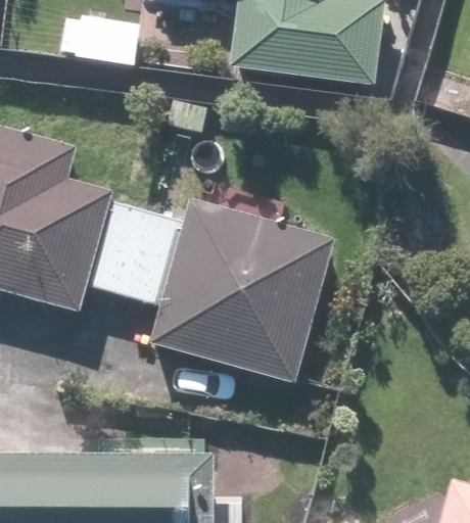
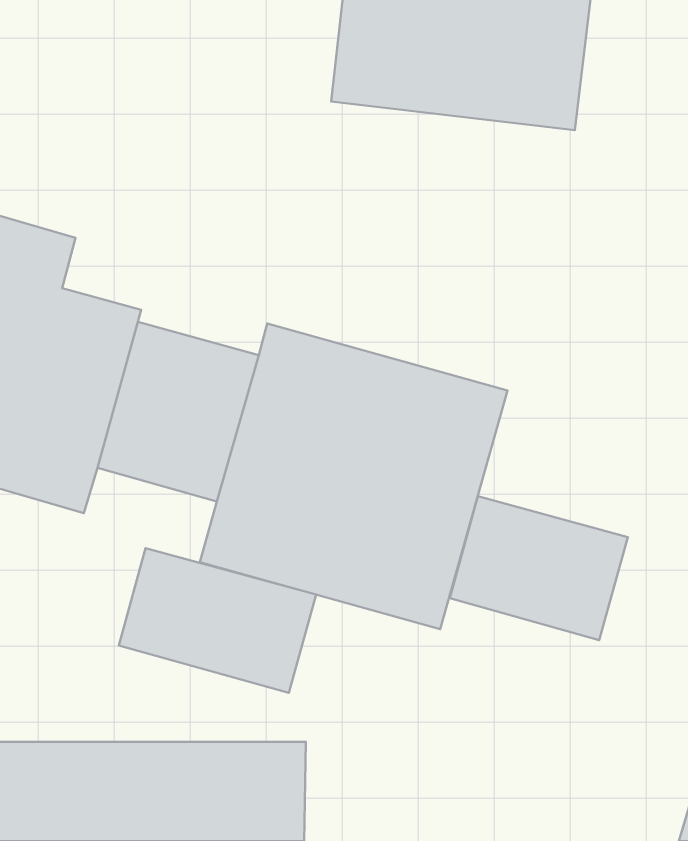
building: none -> [450,496,628,640]
building: none -> [119,548,316,693]

